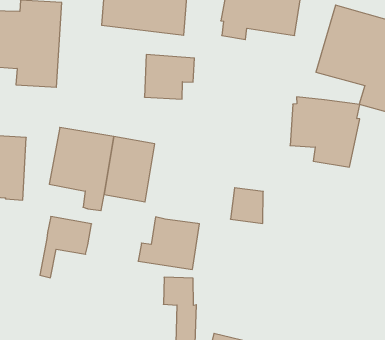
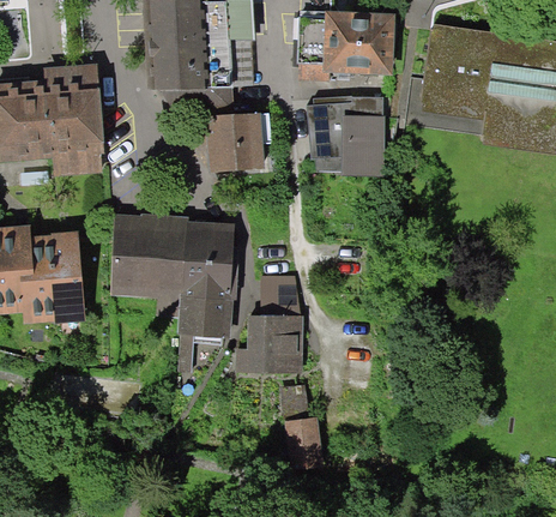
building: [290,97,360,167] -> [304,96,389,175]
building: [230,188,263,223] -> [260,277,301,317]
building: [40,217,92,278] -> [177,296,232,372]

